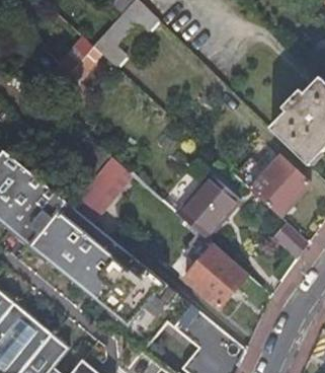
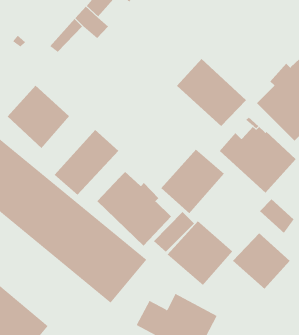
building: none -> [176,58,247,127]
building: none -> [7,85,70,149]
building: none -> [97,171,172,247]
building: none -> [232,232,290,289]

